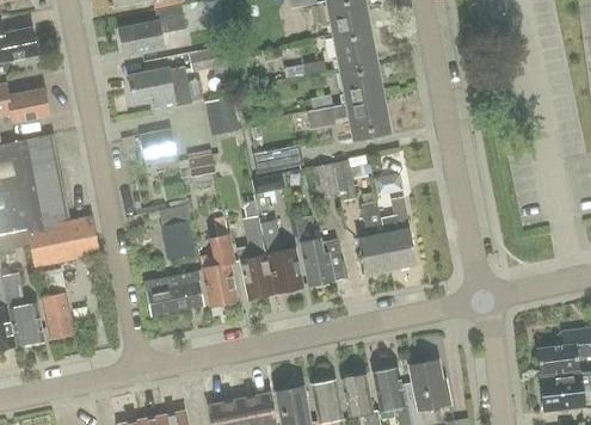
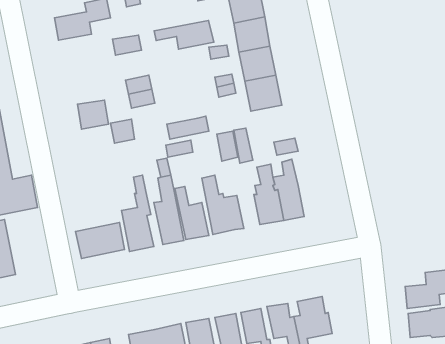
building: none -> [154,20,214,49]
building: [129,66,192,111] -> none
building: [160,220,196,258] -> none

